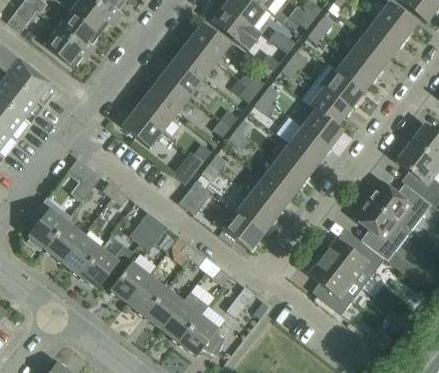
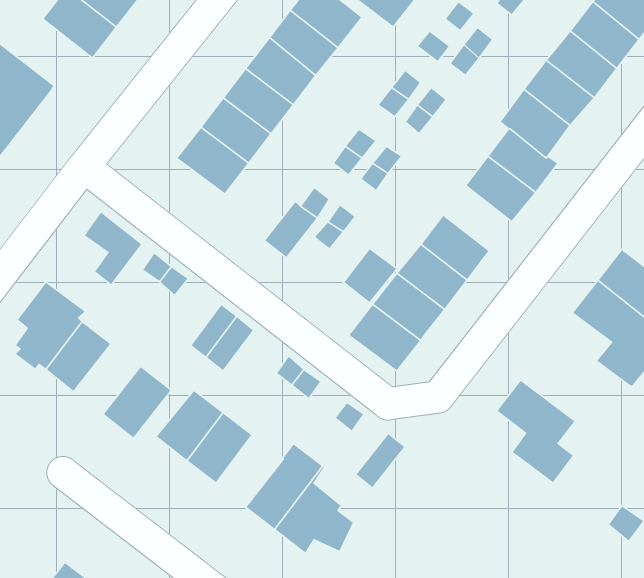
building: [277,142,317,180] -> none
building: [179,180,212,212] -> [340,248,397,303]
building: [62,234,101,275] -> none
building: [322,237,385,279] -> none
building: [145,287,184,329] -> none

